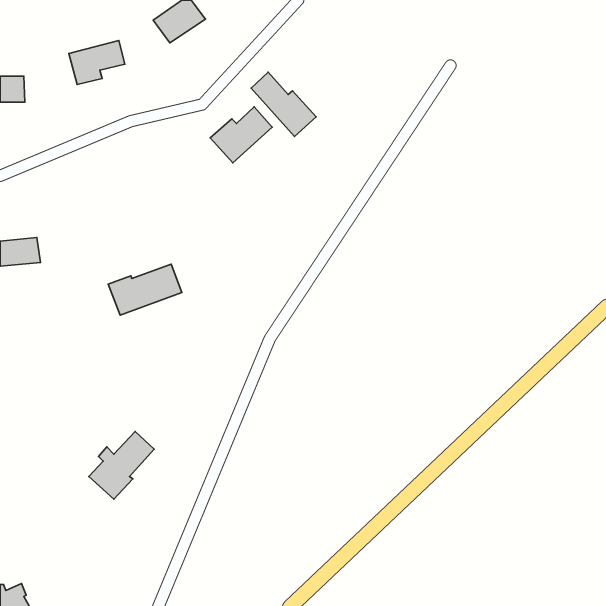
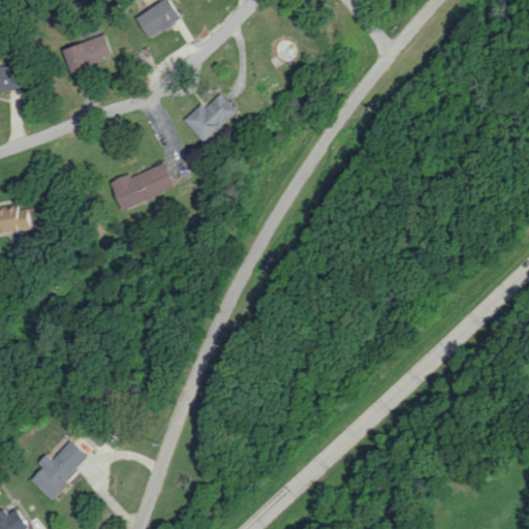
building: [251,72,316,136] -> none
building: [108,264,182,315] -> [111,164,175,209]
building: [89,431,154,499] -> [30,441,87,500]

